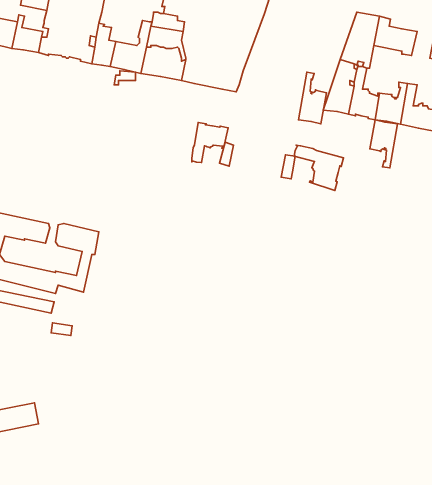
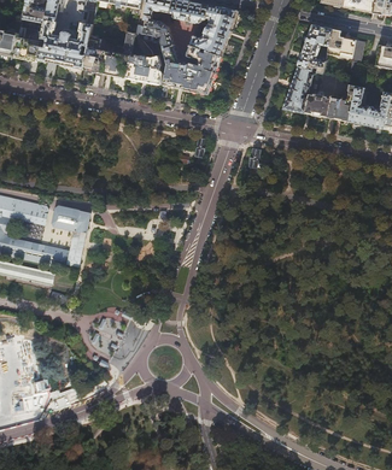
building: [299,72,326,124] -> none
building: [370,120,397,168] -> none
building: [192,122,228,163] -> none
building: [294,145,344,190] -> none

